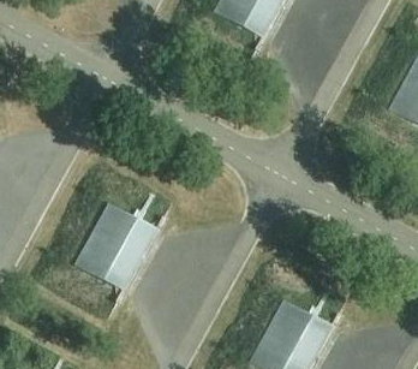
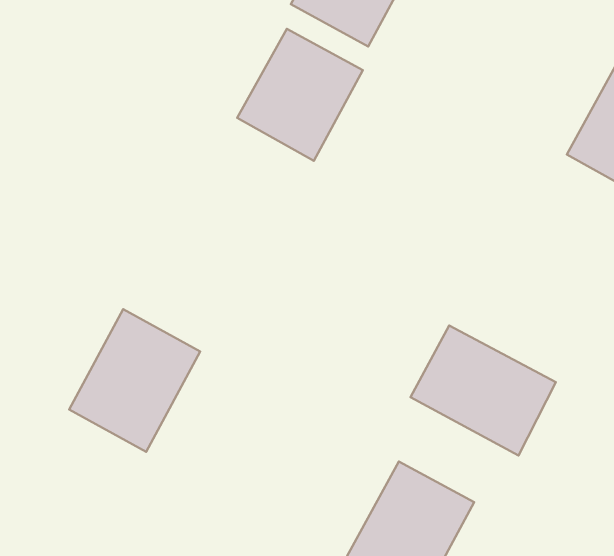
building: none -> [237,29,363,161]
building: none -> [411,326,556,455]

